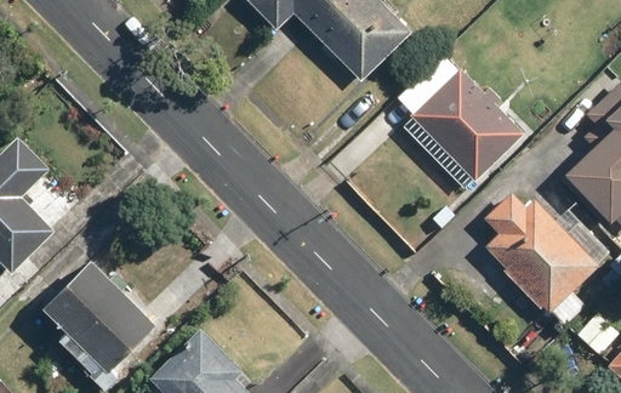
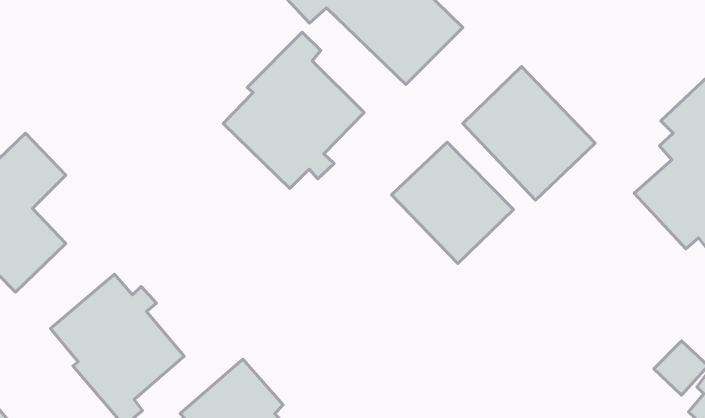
building: none -> [223,32,364,188]
building: none -> [392,142,513,264]
building: [480,193,598,325] -> none

